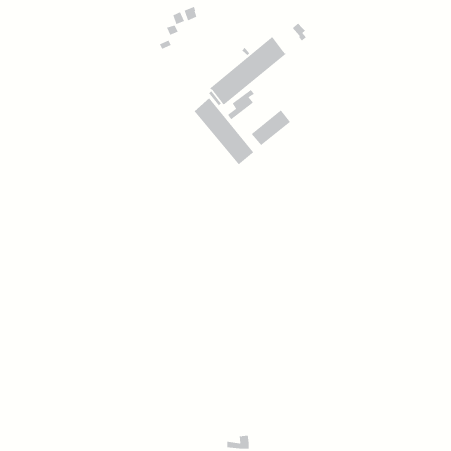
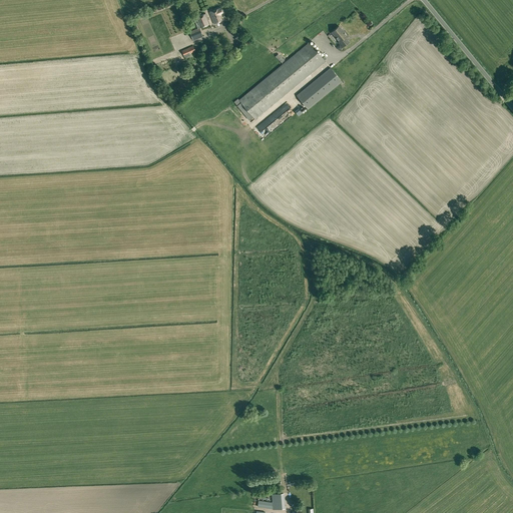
building: [194,97,254,165] -> none
building: [251,110,291,146] -> [296,68,341,109]

